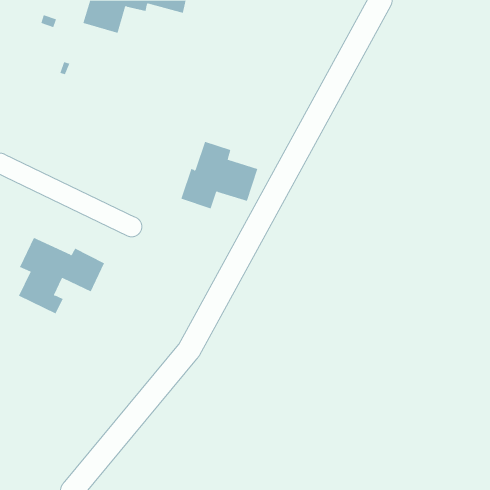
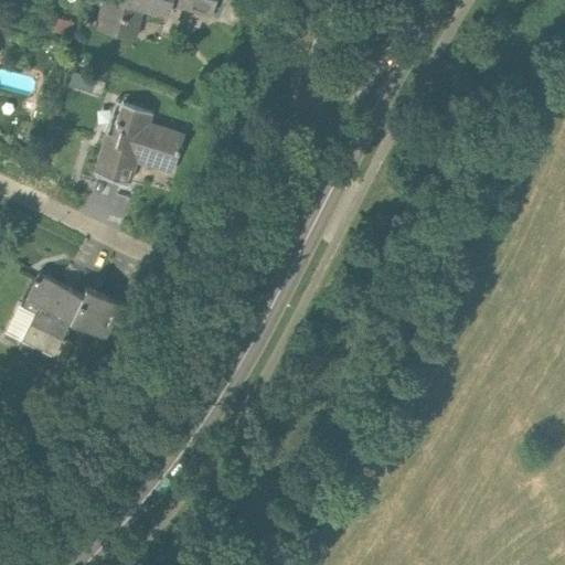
building: [180,141,258,209] -> [95,104,184,182]

